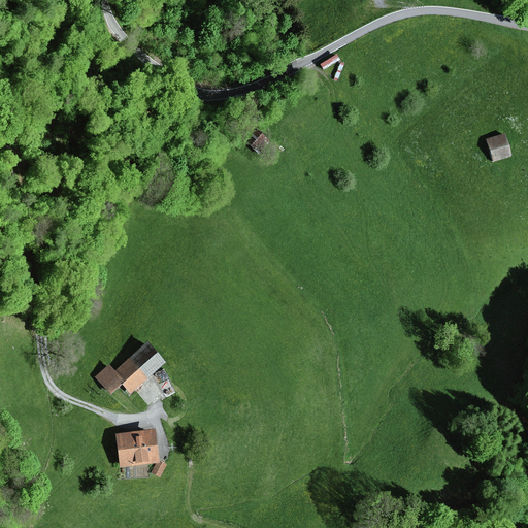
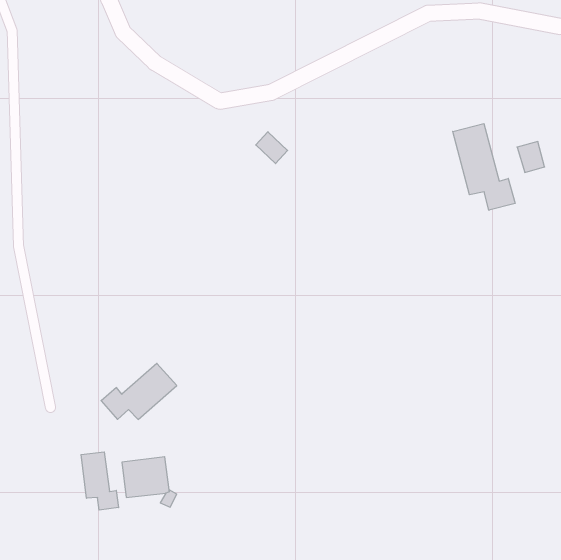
building: none -> [453,124,515,210]
building: none -> [81,452,119,510]

